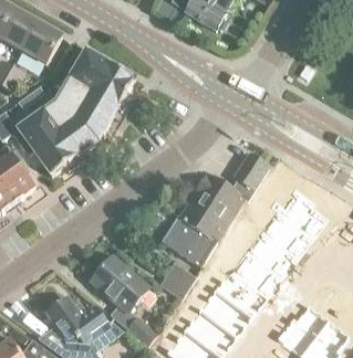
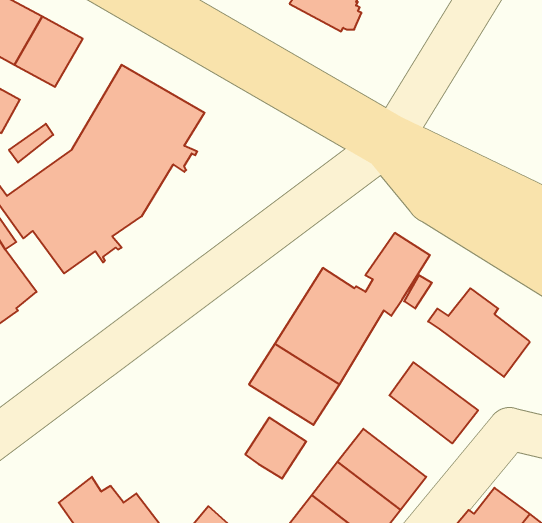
building: [260,208,314,256] -> none
building: [230,248,283,296] -> none
building: [90,255,148,312] -> none

